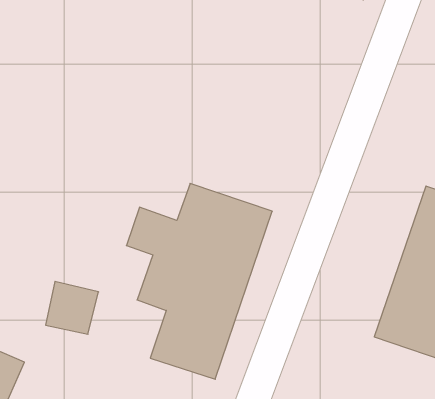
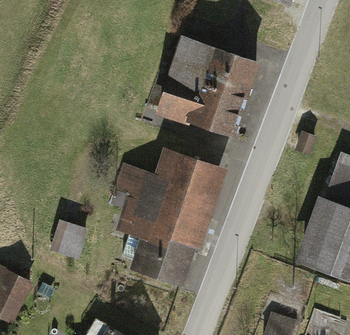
building: none -> [154,37,257,141]

